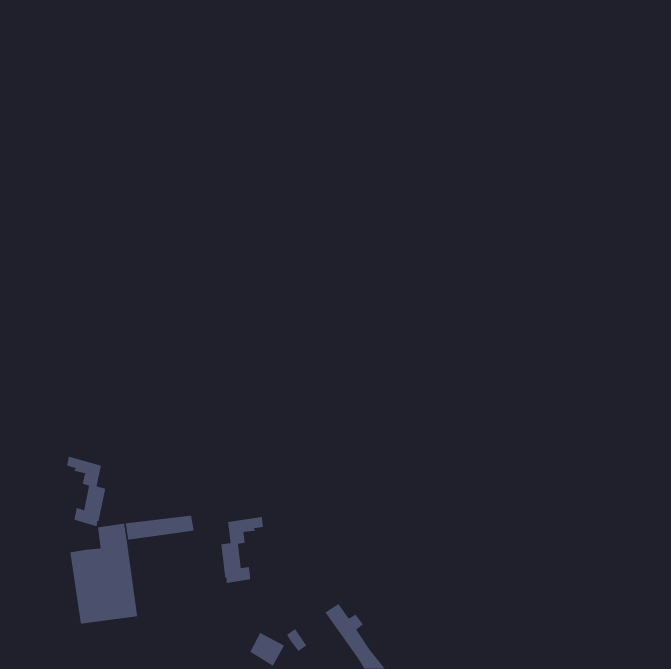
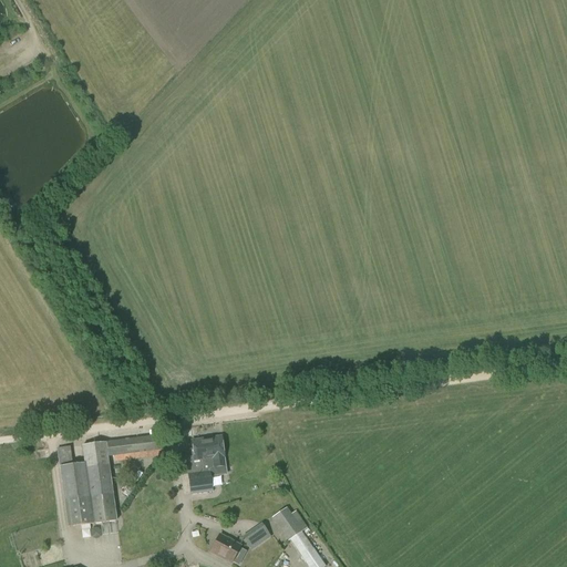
building: [66,456,106,527] -> none
building: none -> [202,444,226,478]

